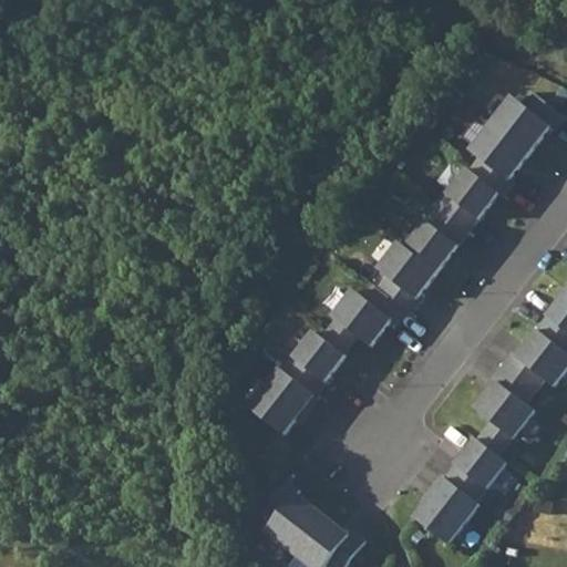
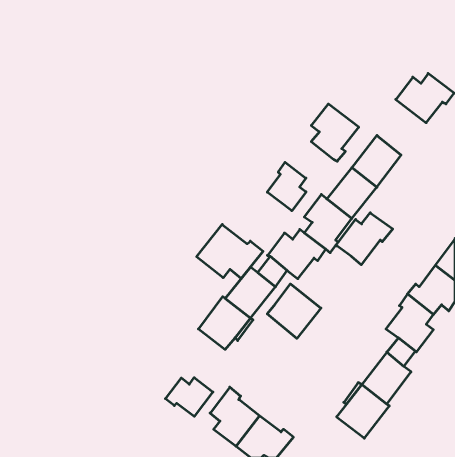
building: [467,124,526,195] -> [311,104,359,161]
building: none -> [267,162,306,211]
building: none -> [336,213,393,265]
building: none -> [197,224,263,279]
building: none -> [267,284,321,338]
building: none -> [165,378,213,416]

